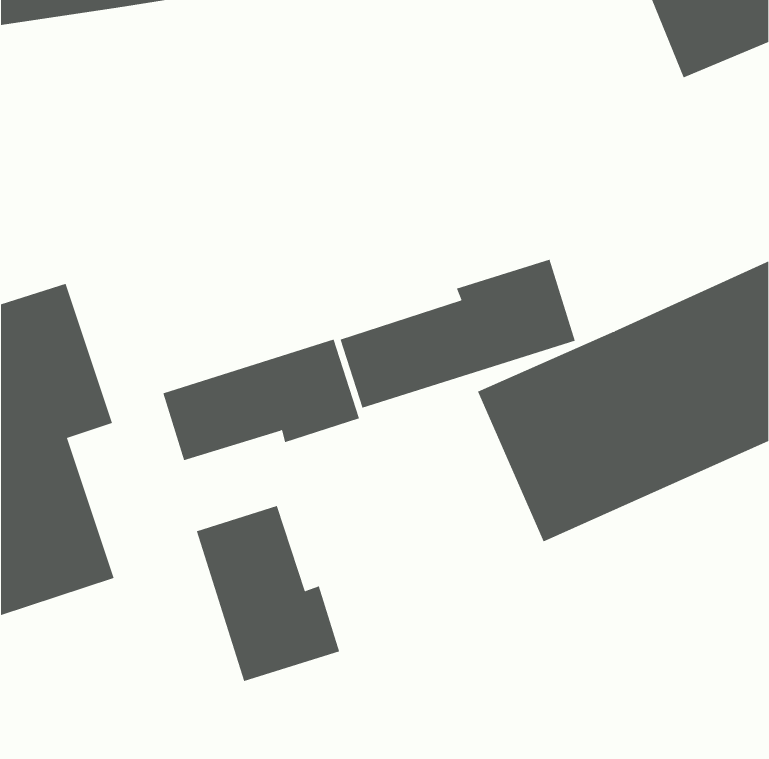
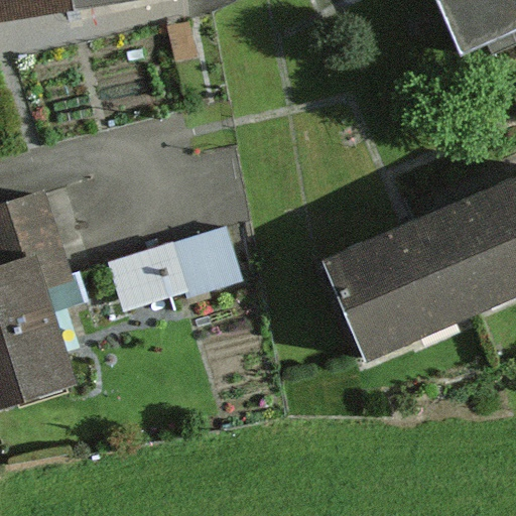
building: [340,259,575,409] -> none
building: [196,505,340,682] -> none

